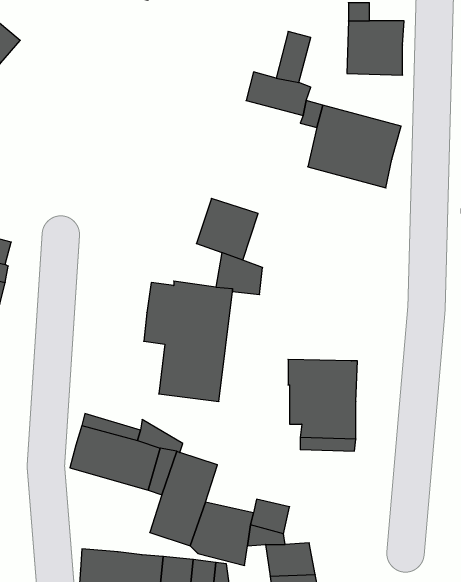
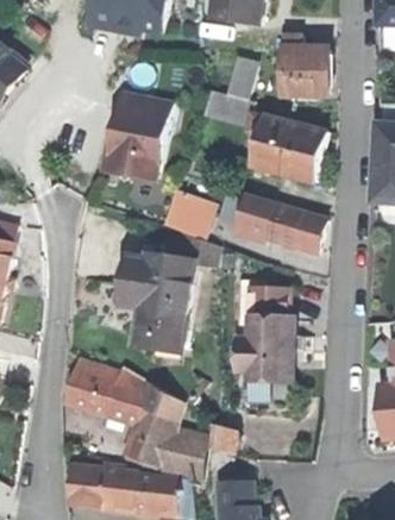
building: none -> [100,93,170,182]
building: none -> [234,198,325,253]
building: none -> [236,287,286,319]

